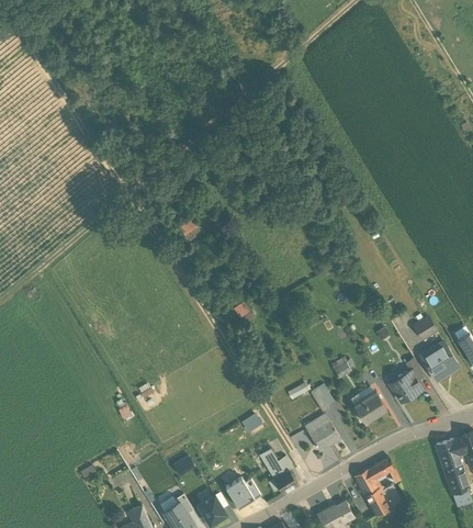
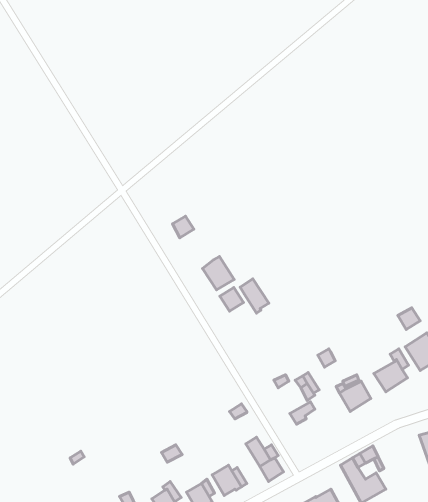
building: none -> [202,257,234,290]
building: none -> [240,279,269,313]
building: [309,419,339,449] -> none

